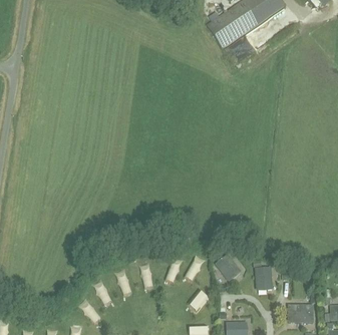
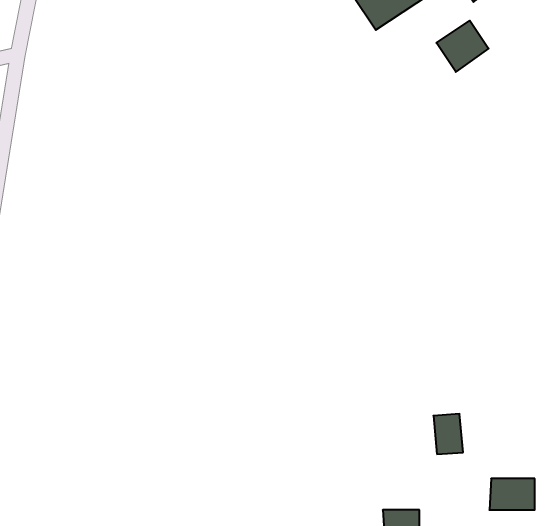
building: none -> [436,21,489,72]
building: [215,253,241,280] -> none

